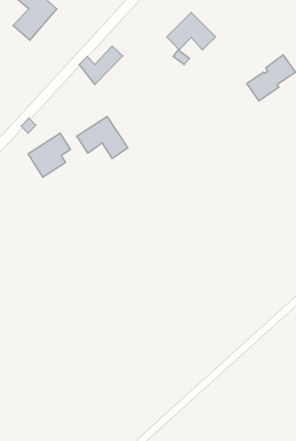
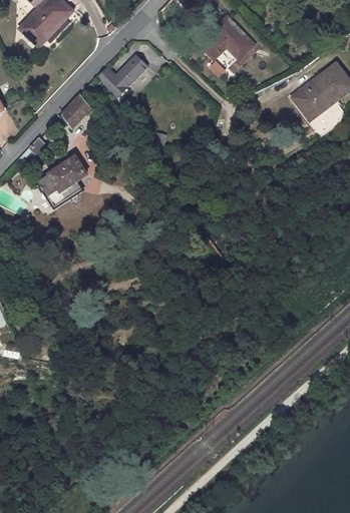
building: none -> [61,93,92,127]
building: [77,116,128,159] -> none

